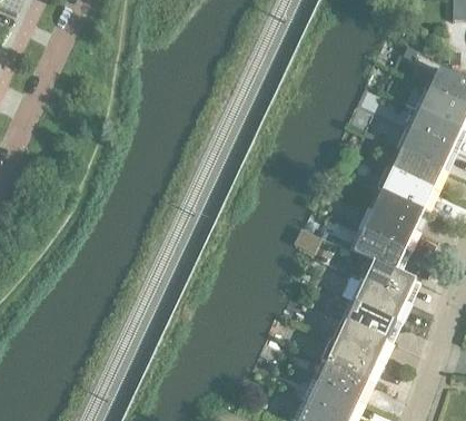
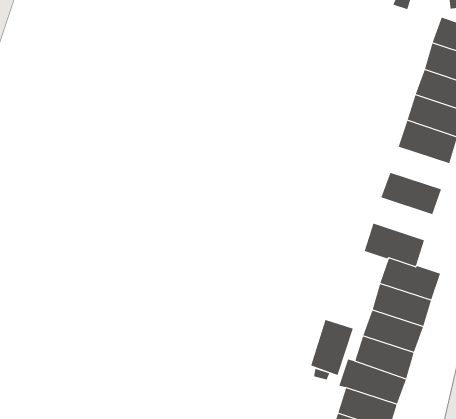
building: [378,168,433,209] -> none
building: [364,210,414,249] -> none
building: none -> [310,319,353,376]

